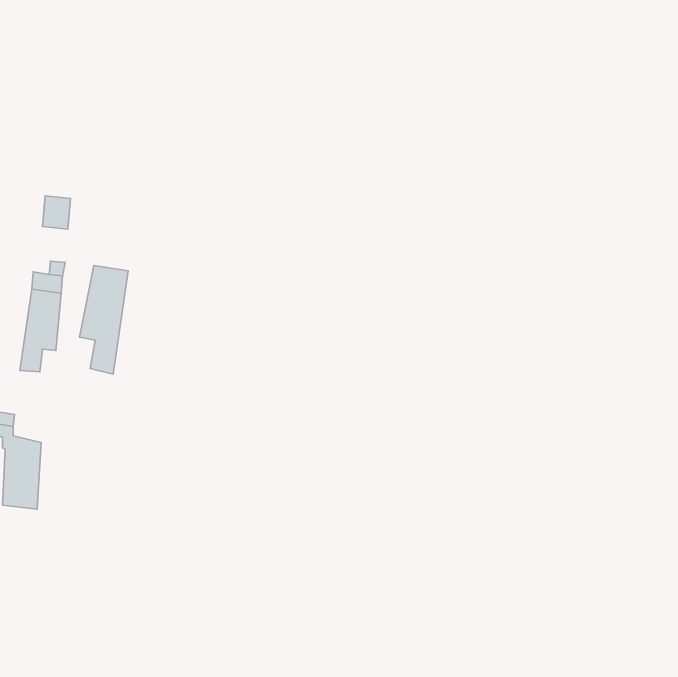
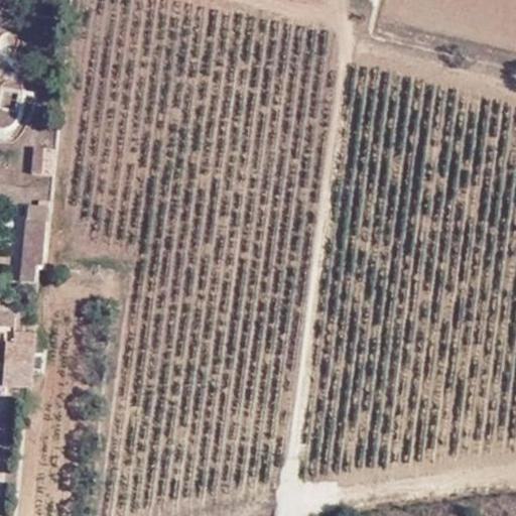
building: [80,265,128,374] -> none

